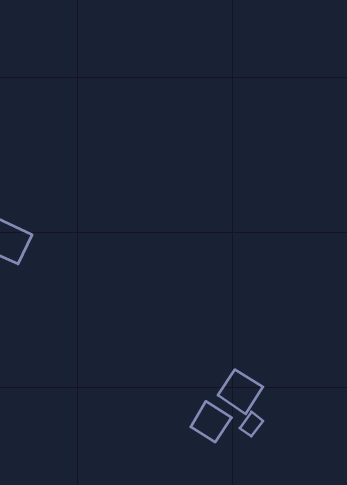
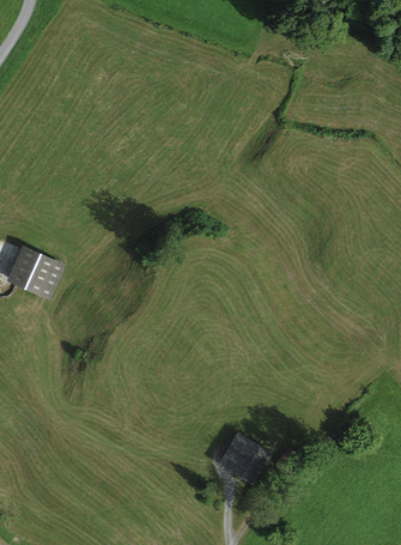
building: [218,370,263,414] -> none

